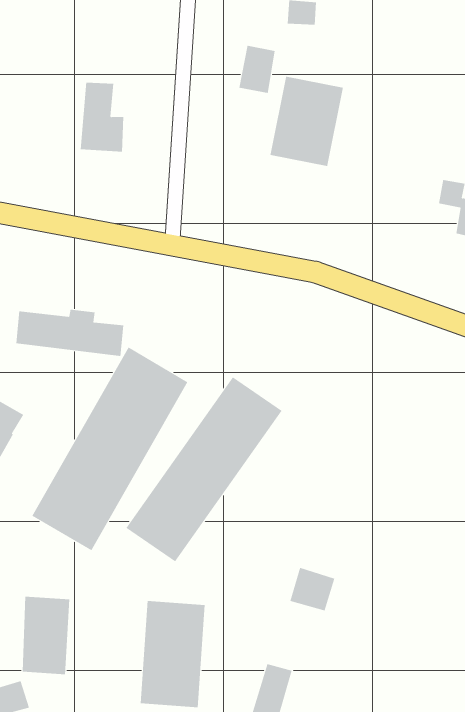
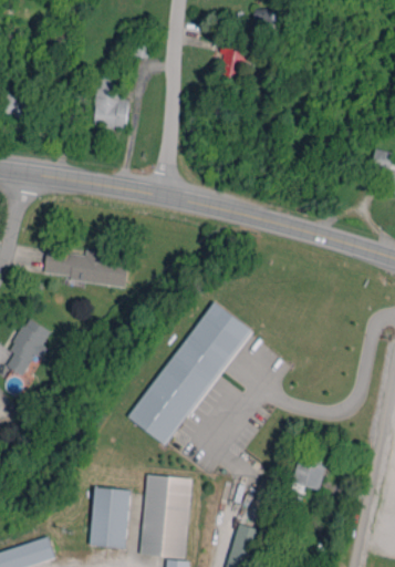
building: [270,76,343,167] -> none
building: [32,347,188,551] -> none
building: [290,567,335,611] -> [292,455,328,489]
building: [22,596,70,675] -> [92,487,129,548]

